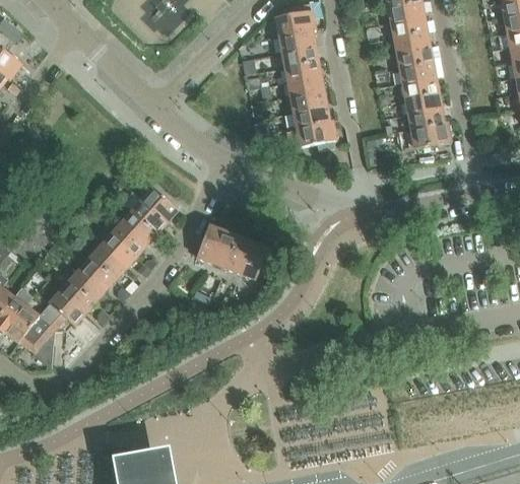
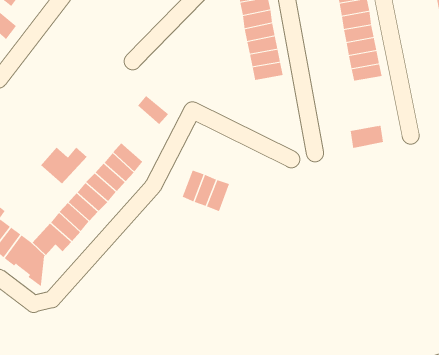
building: [296,120,335,150] -> none
building: [410,121,450,148] -> [350,125,384,148]
building: [141,187,178,221] -> [137,95,169,125]
building: none -> [40,147,87,185]
building: [196,224,223,262] -> none

